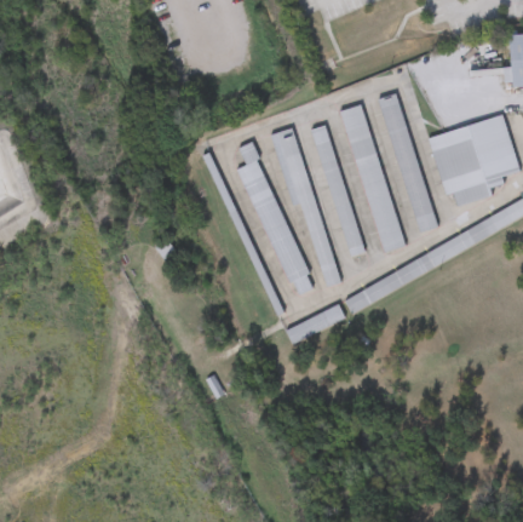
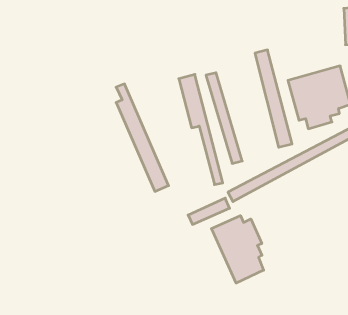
building: [343,104,402,252] -> none
building: [238,143,314,297] -> [116,84,169,191]
building: none -> [211,216,264,283]

